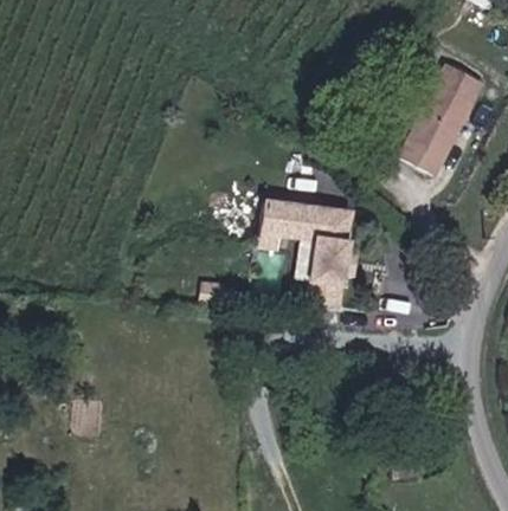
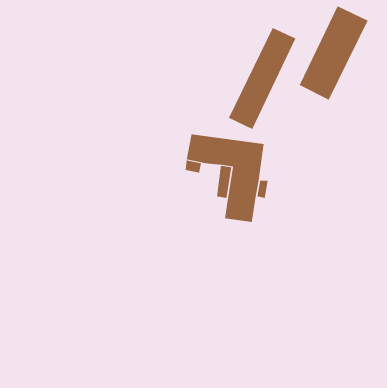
building: none -> [228,27,296,130]

